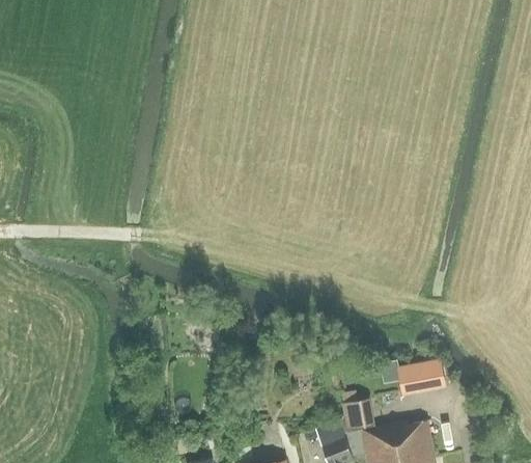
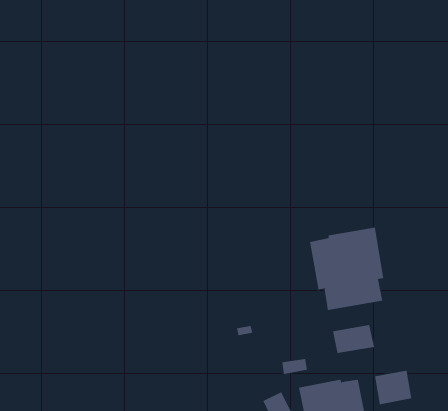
building: none -> [309,227,384,311]
building: none -> [375,370,412,405]

